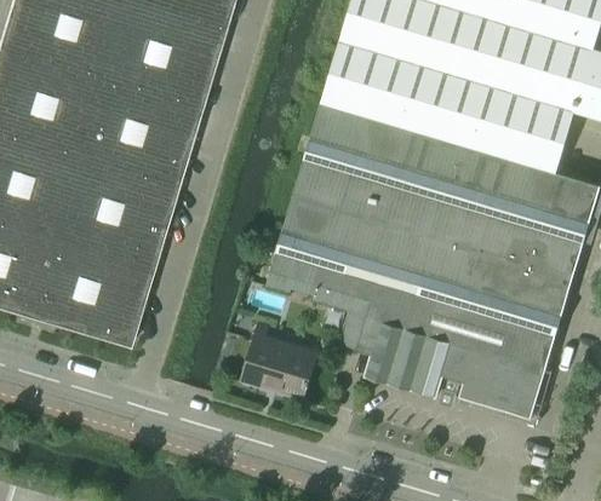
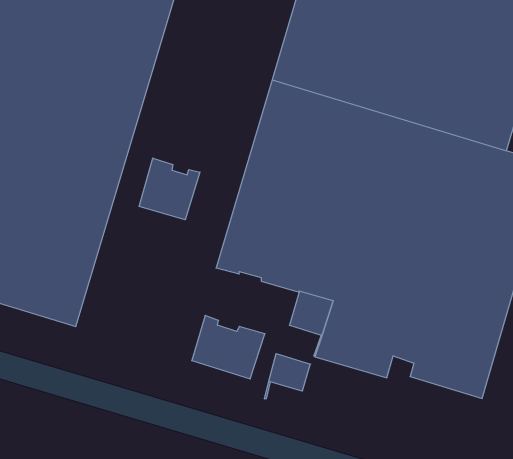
building: none -> [139,158,200,220]
building: none -> [265,354,311,399]

